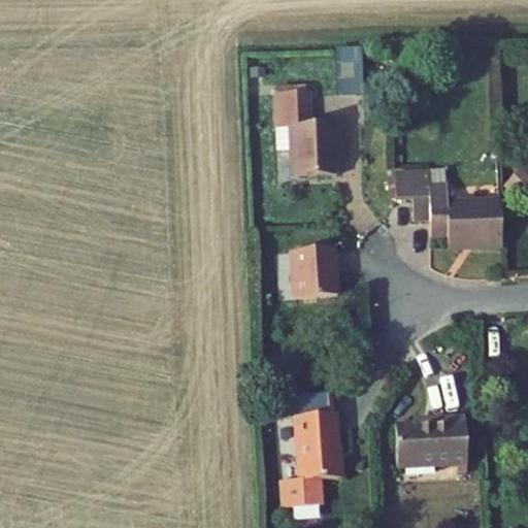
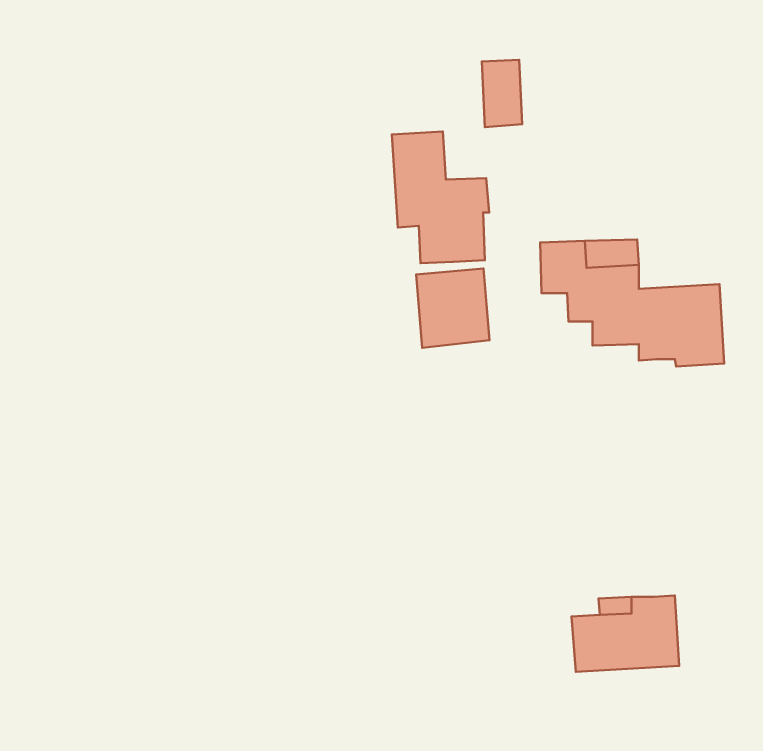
building: [287,249,337,303] -> [416,269,489,348]
building: [287,389,349,501] -> none

